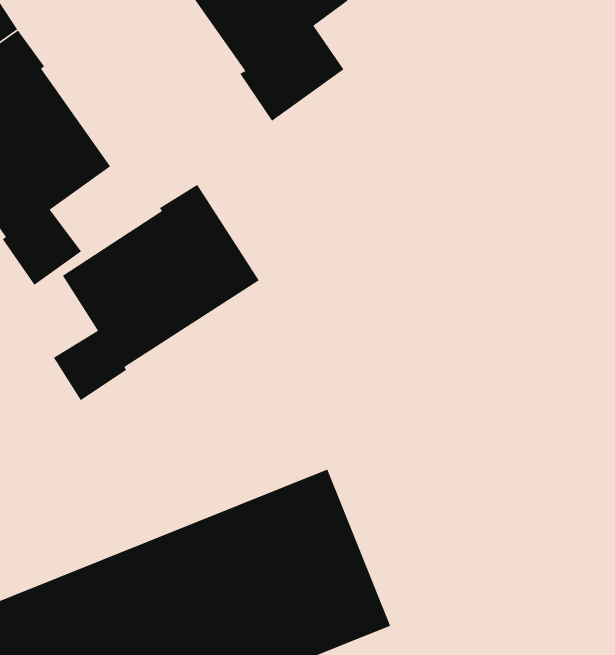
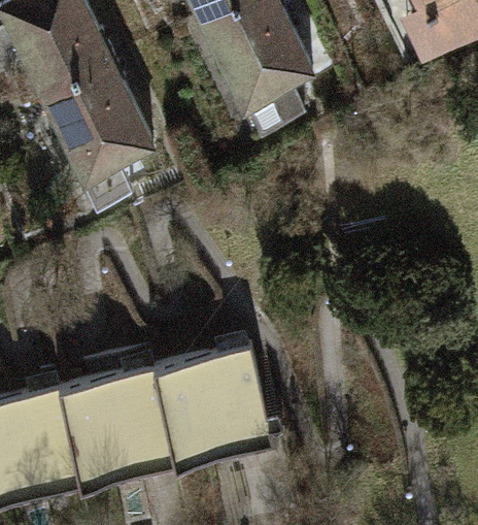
building: [53,184,260,401] -> none

